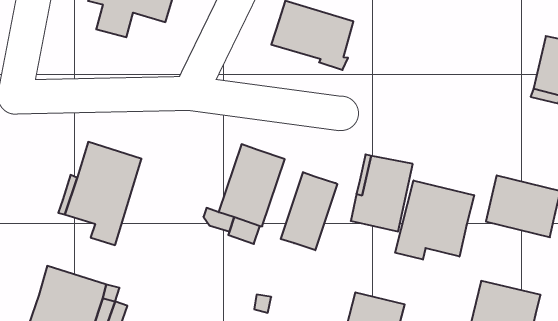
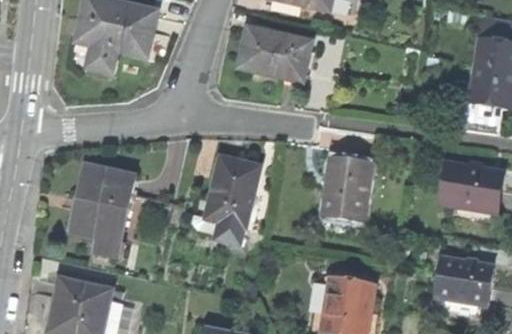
building: [281,172,337,250] -> none
building: [395,180,474,260] -> none

